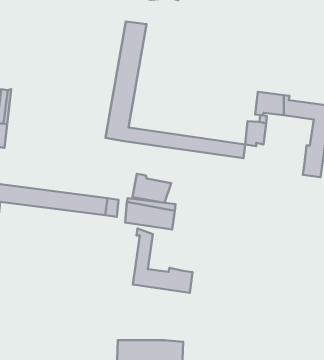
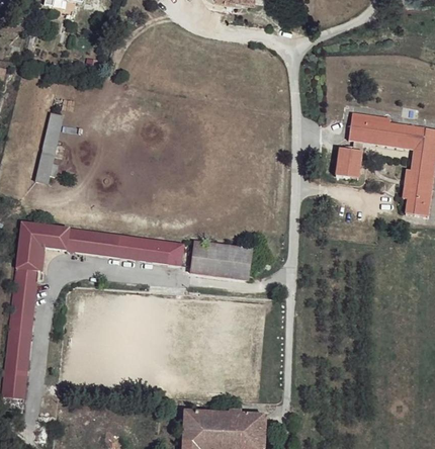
building: [105,21,245,158] -> none
building: none -> [383,142,420,199]
building: [132,174,171,203] -> none
building: [133,229,193,293] -> none

